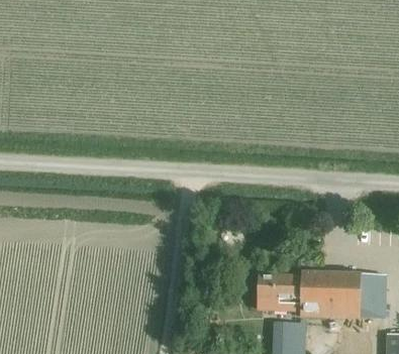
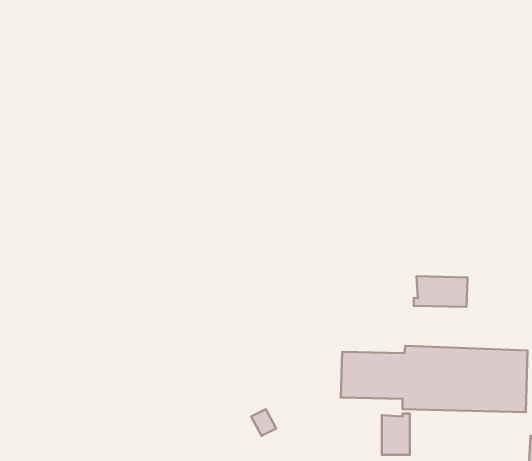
building: none -> [414,276,467,307]

